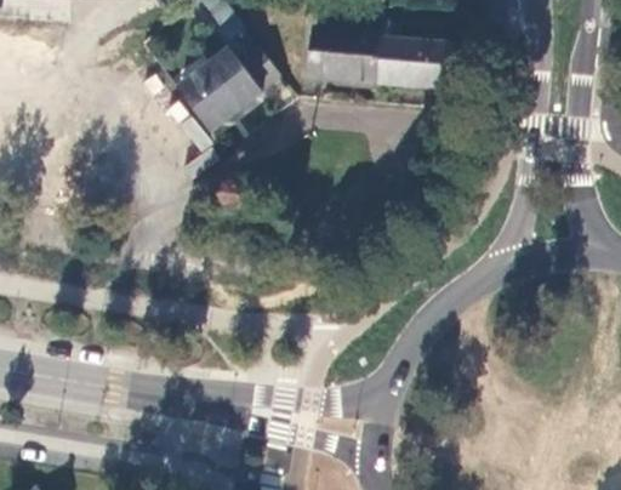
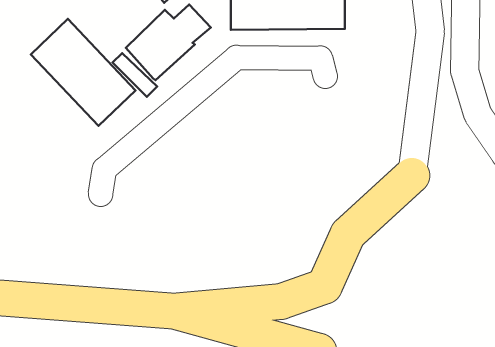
building: none -> [31,19,136,126]

